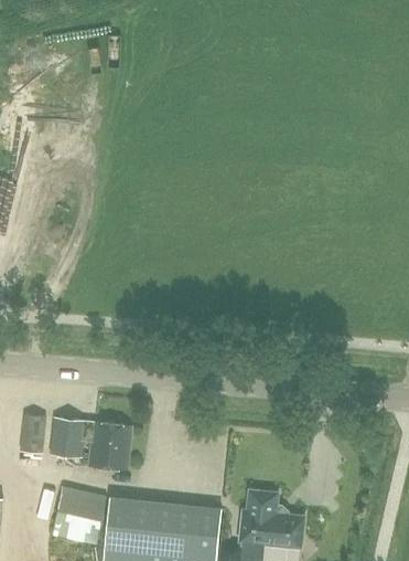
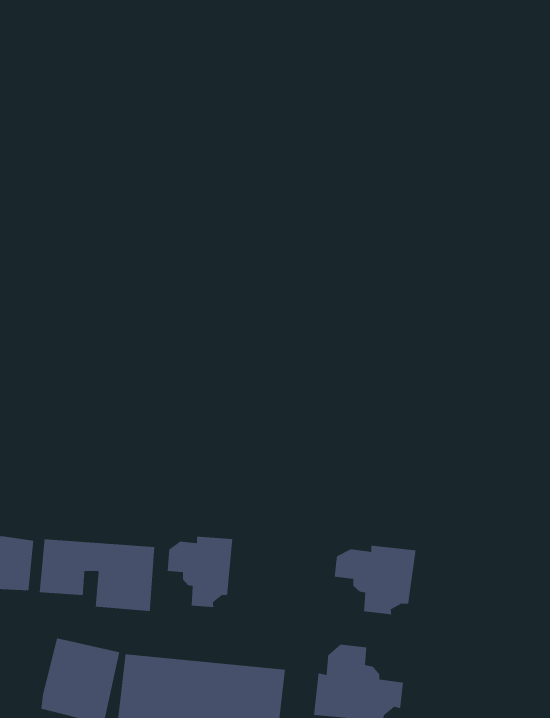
building: none -> [167,536,233,608]
building: none -> [334,545,416,615]

